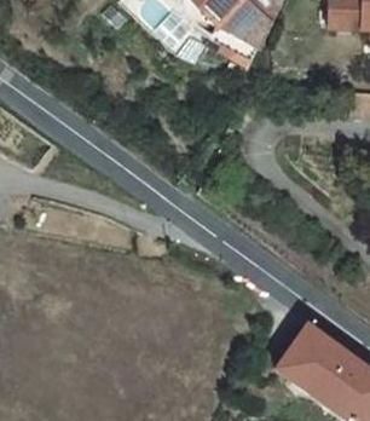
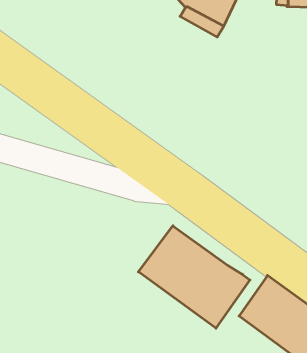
building: none -> [138,226,250,328]

